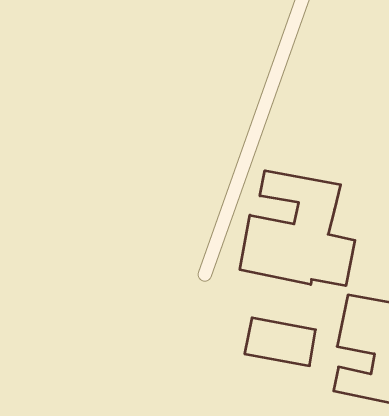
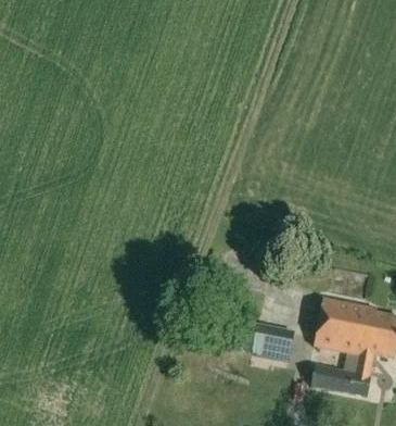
building: [240,171,355,286] -> none

